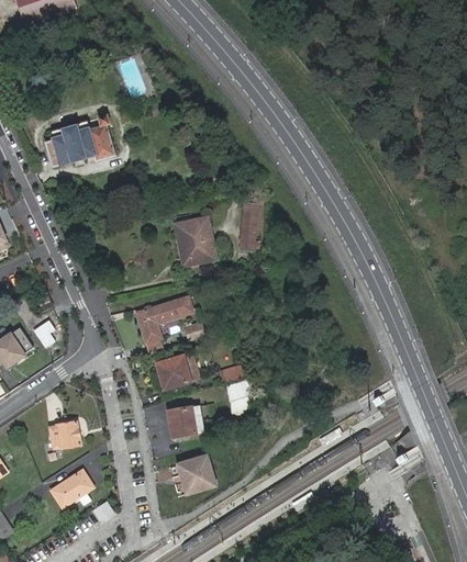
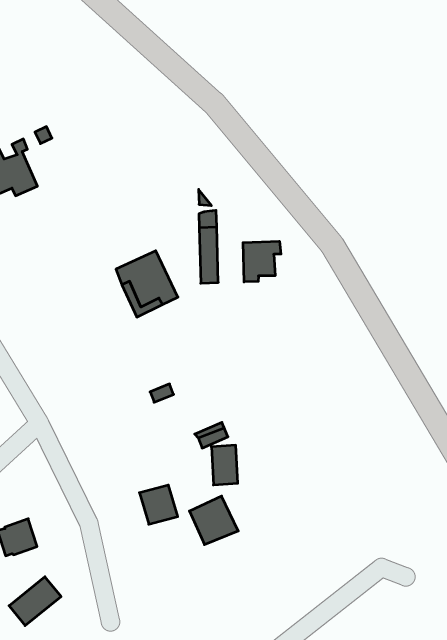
building: none -> [243,241,281,282]
building: [136,295,191,339] -> none
building: [156,353,191,389] -> none
building: [178,457,215,494] -> [189,496,238,545]

